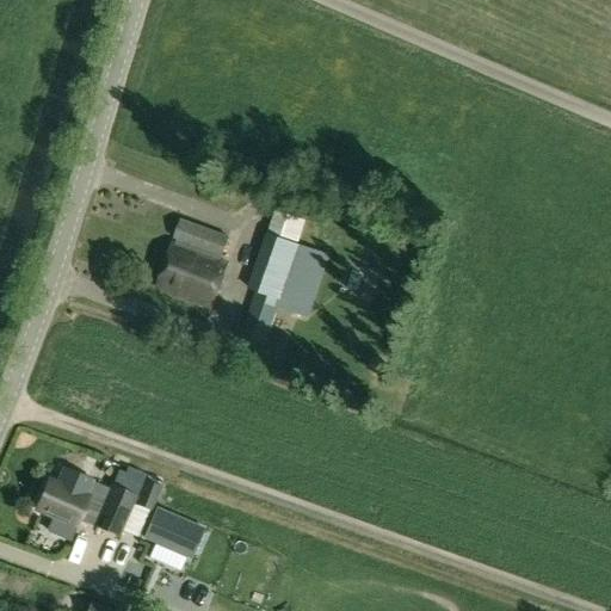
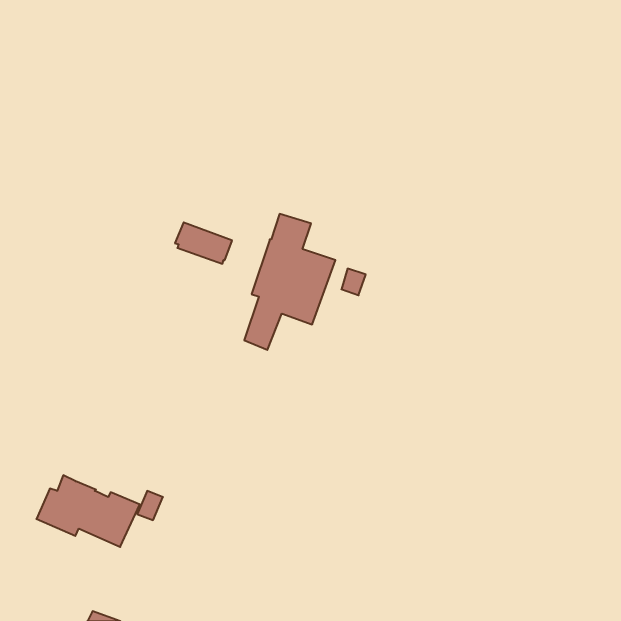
building: [156,242,224,307] -> none
building: [143,507,203,573] -> none

